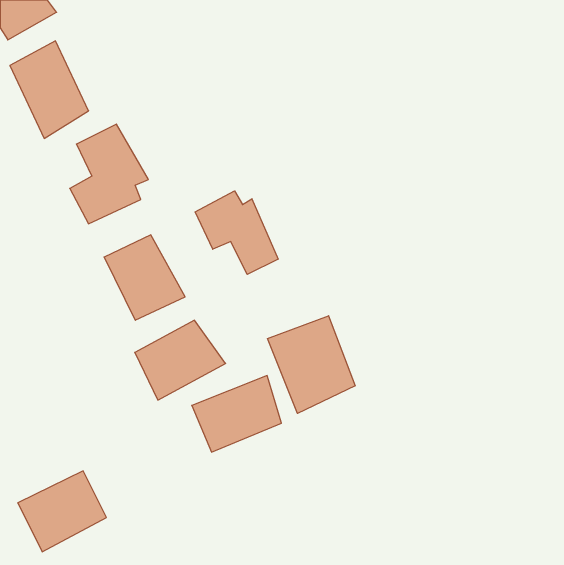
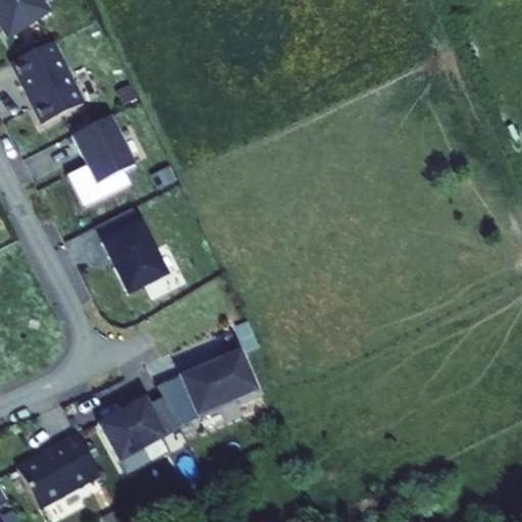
building: [195,191,278,274] -> none
building: [268,316,355,413] -> none
building: [135,320,226,400] -> [98,389,181,463]

